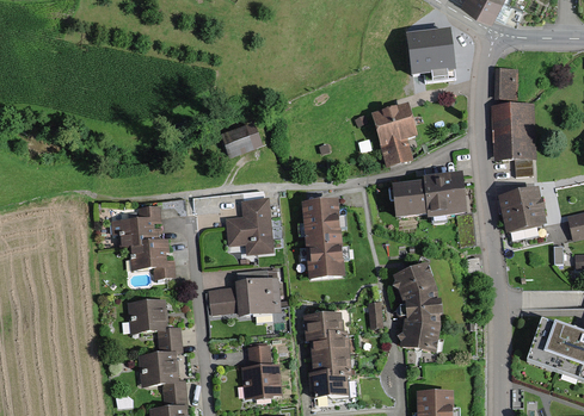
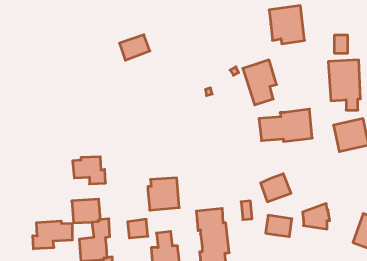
building: [221,122,264,157] -> [119,35,150,60]
building: [228,198,273,254] -> none
building: [301,199,346,280] -> none
building: [113,207,161,246] -> none
building: [210,287,239,313] -> [128,219,148,238]
building: [405,291,443,327] -> [303,204,330,229]
building: none -> [33,221,72,249]

